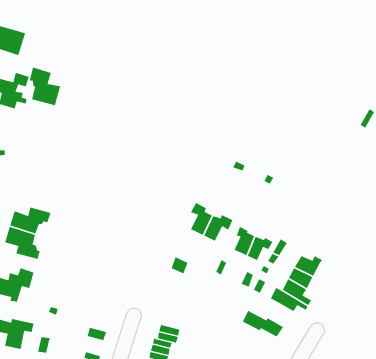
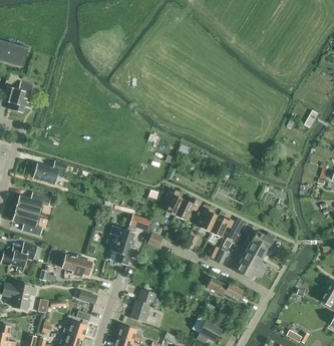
building: [29,67,61,106] -> none
building: none -> [33,161,67,185]
building: none -> [109,216,150,266]
building: none -> [61,254,92,276]

